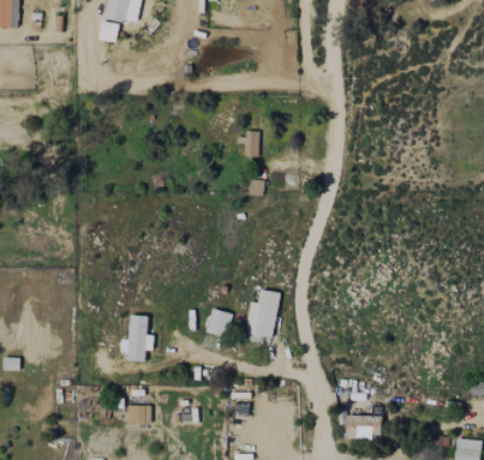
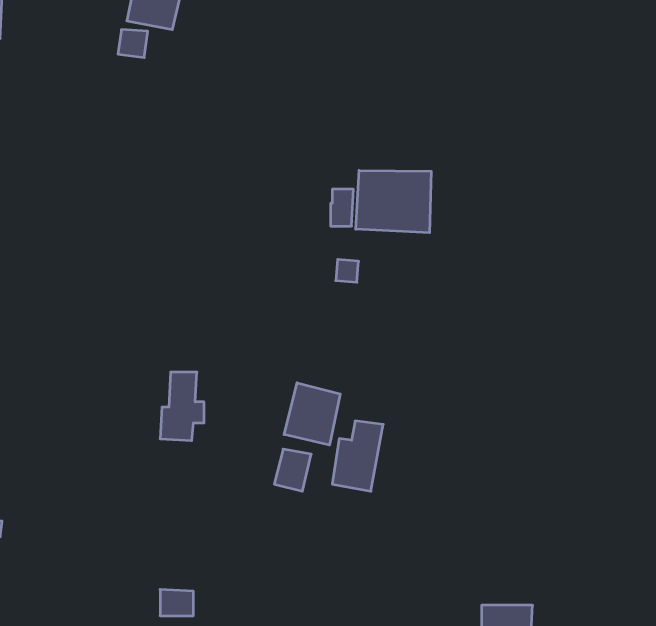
building: none -> [356,170,431,233]
building: none -> [284,383,340,445]
building: [123,315,153,362] -> [160,372,204,441]

